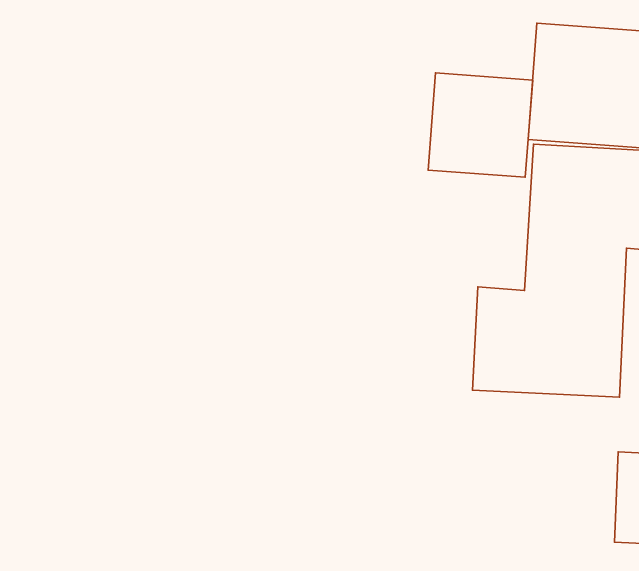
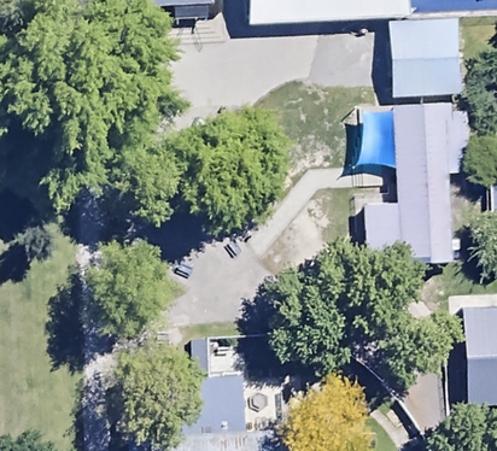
building: [428,73,533,177] -> none

